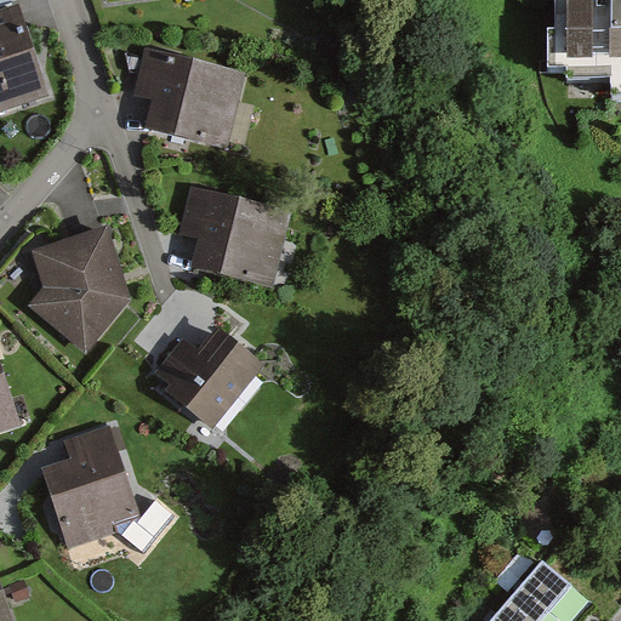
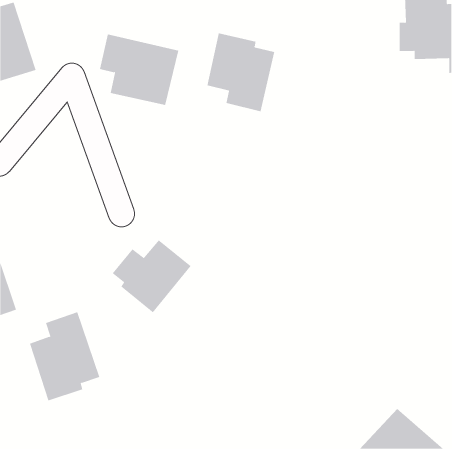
building: none -> [207,33,275,112]
building: [181,187,289,286] -> none
building: [29,229,129,352] -> none

